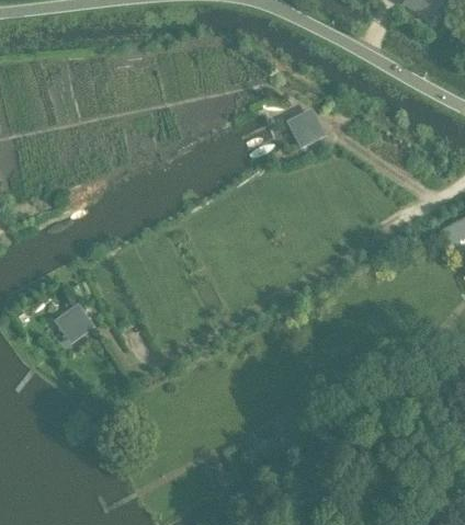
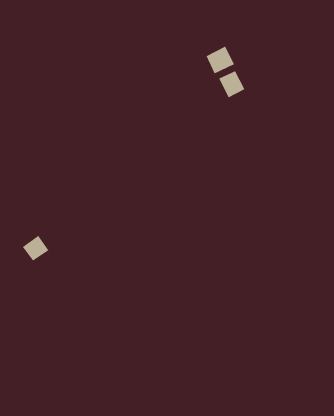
building: none -> [205,45,235,75]

